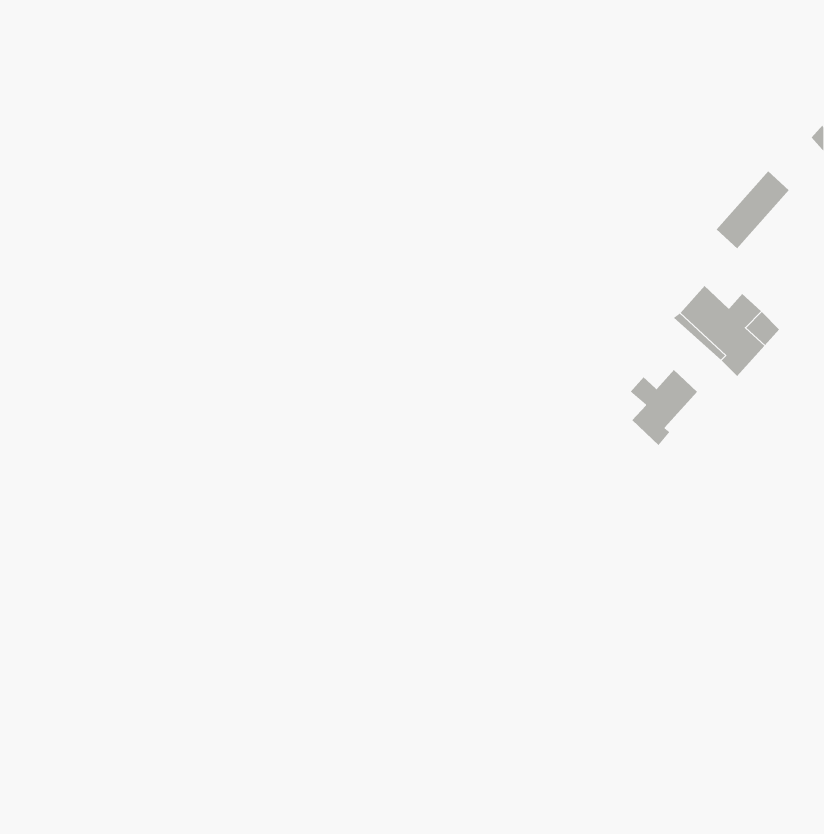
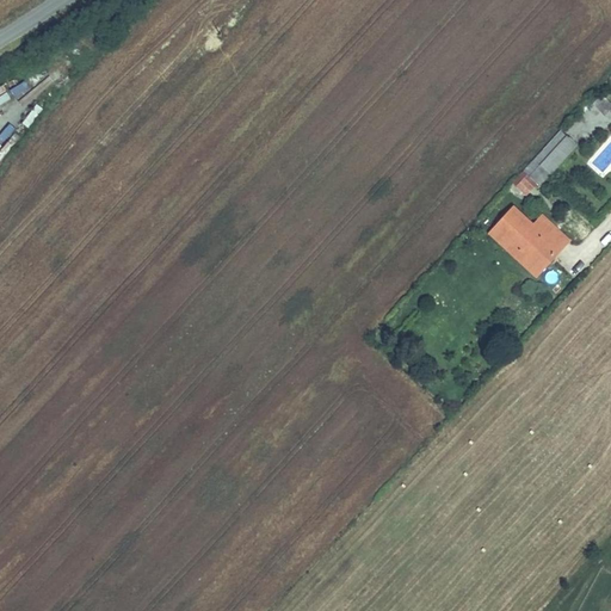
building: [630,369,698,446] -> none

